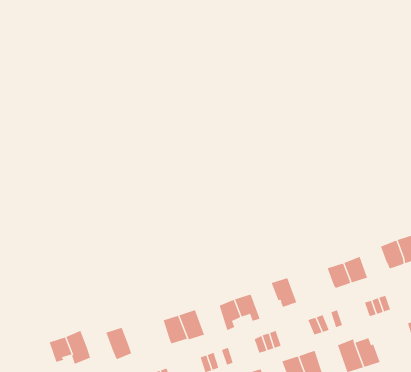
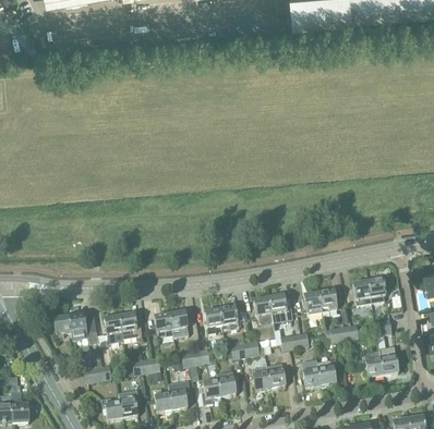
building: none -> [268,299,292,327]
building: none -> [119,317,142,343]

